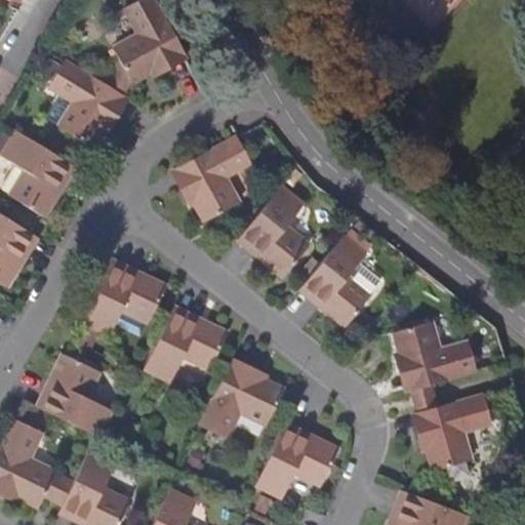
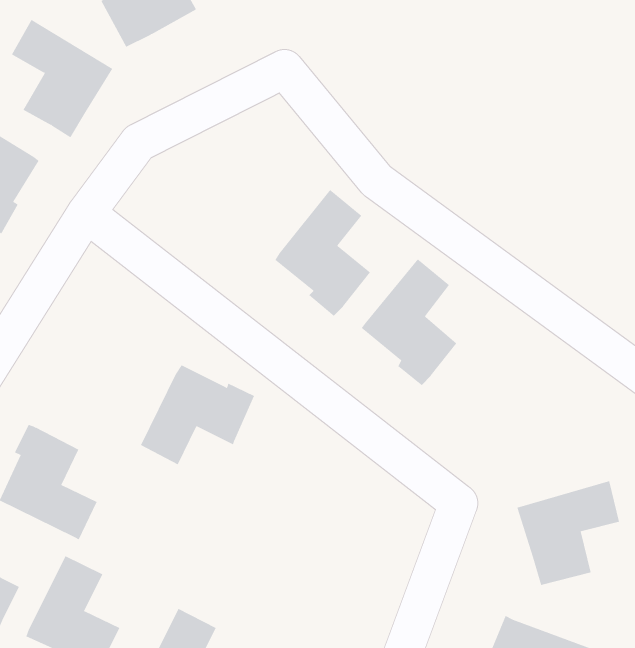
building: [177,137,251,221] -> none
building: [84,266,167,335] -> none
building: [393,323,475,389] -> none
building: [201,363,283,437] -> none
building: [255,428,337,499] -> none

